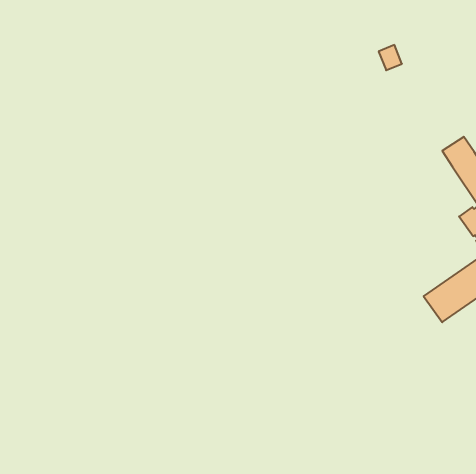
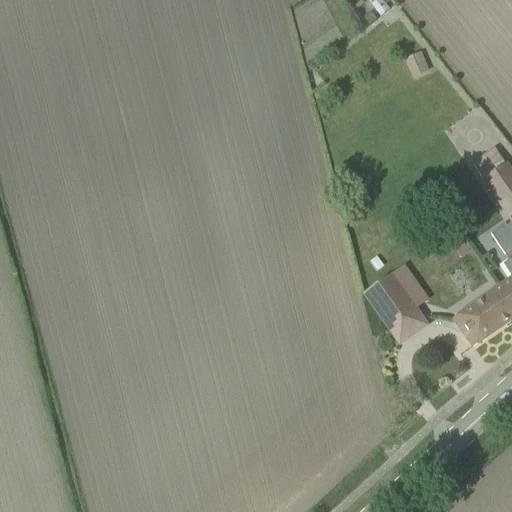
building: none -> [367,272,431,343]

